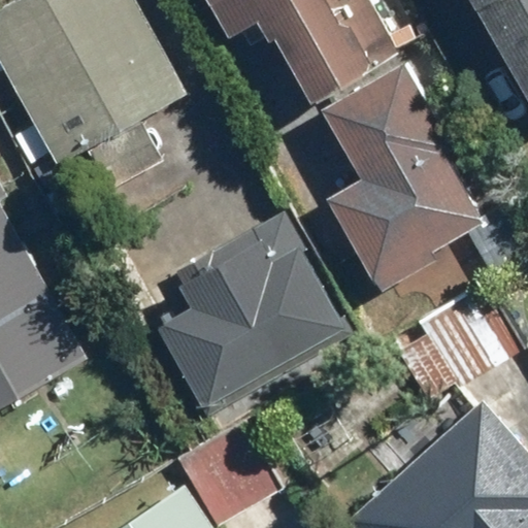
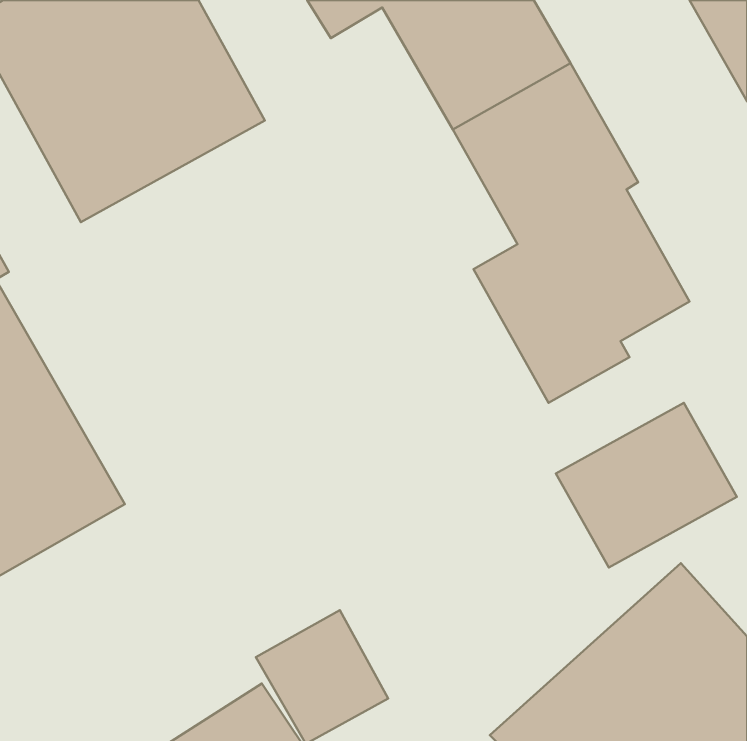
building: [160,216,340,401] -> none

